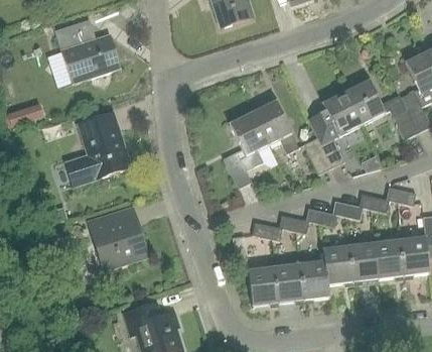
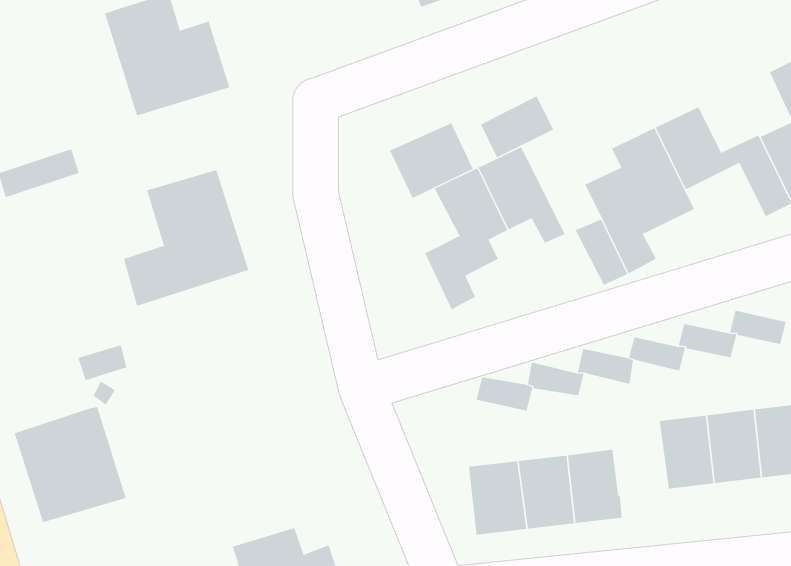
building: none -> [480,96,554,158]
building: none -> [389,123,473,199]
building: [88,208,147,269] -> [14,407,126,523]
building: [323,246,353,285] -> none

